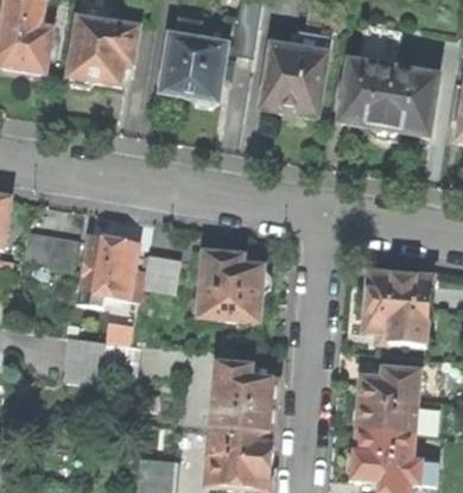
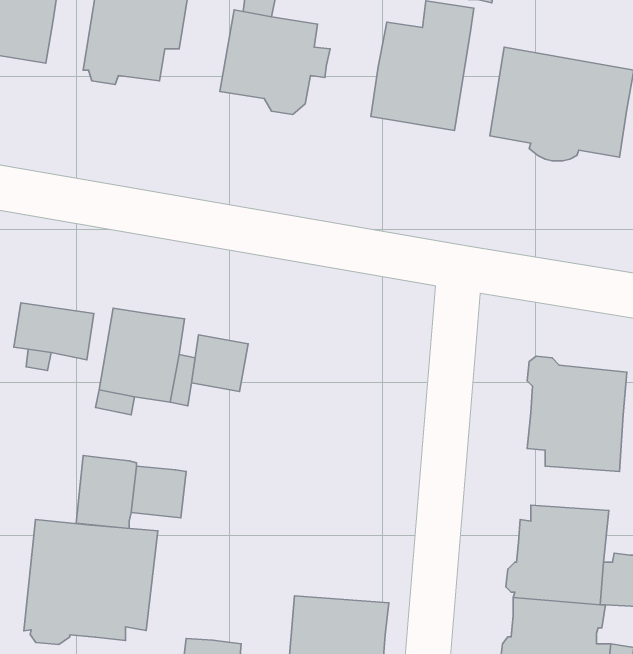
building: [198,251,271,320] -> none
building: [210,361,277,432] -> none
building: none -> [24,519,158,644]

